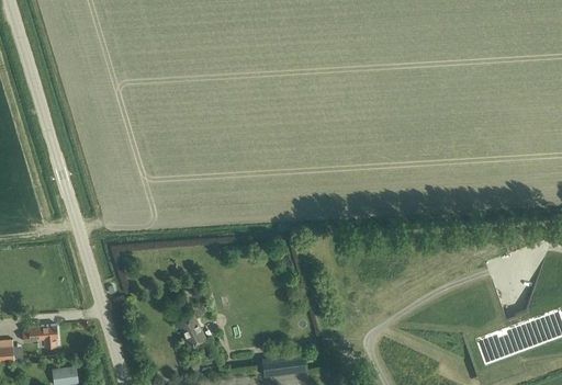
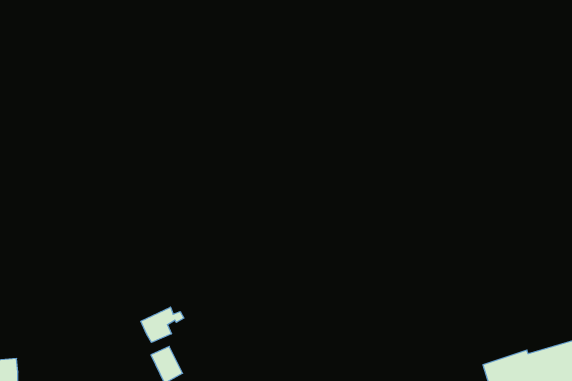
building: none -> [141,307,184,342]

